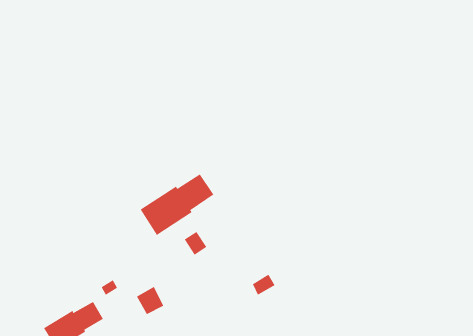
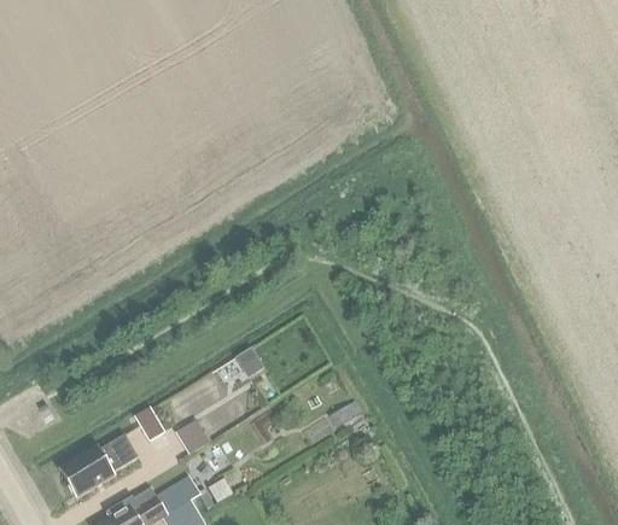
building: [140,173,214,236] -> none

